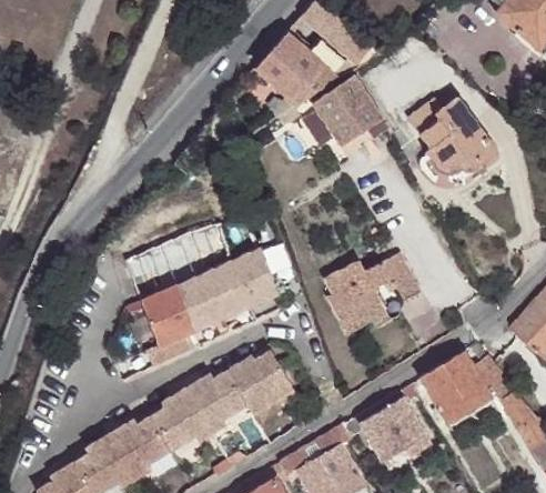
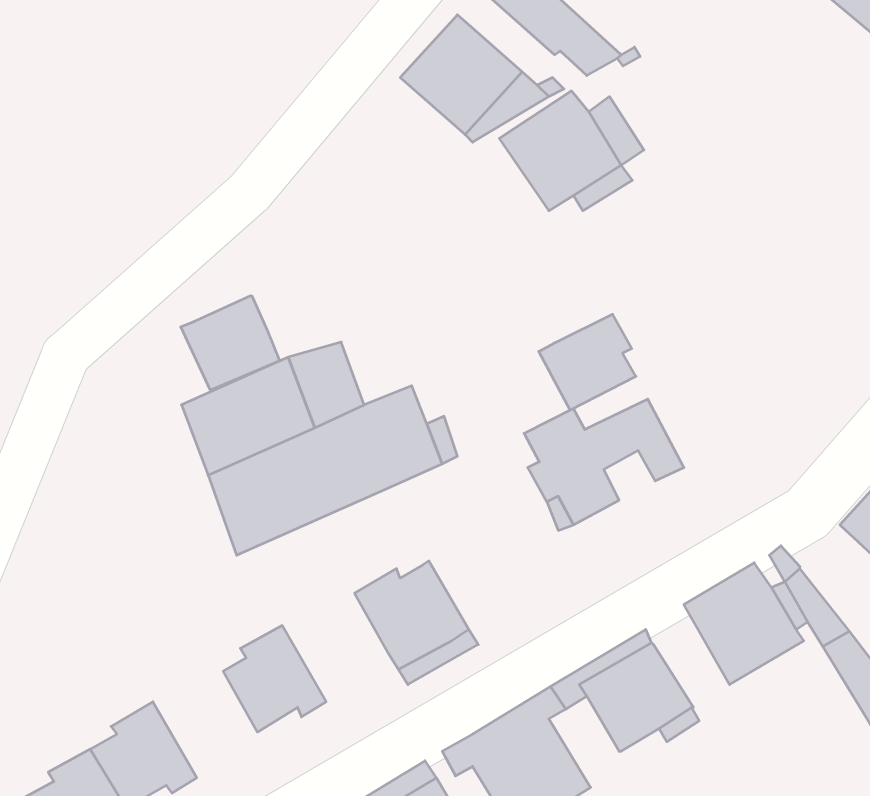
building: [402,92,495,169] -> none
building: none -> [181,296,280,390]
building: none -> [539,314,636,410]
building: [185,371,247,434] -> none
building: [110,416,171,479] -> none

